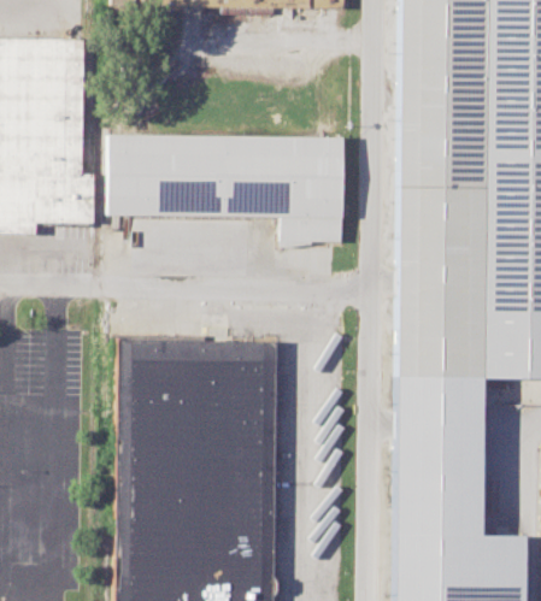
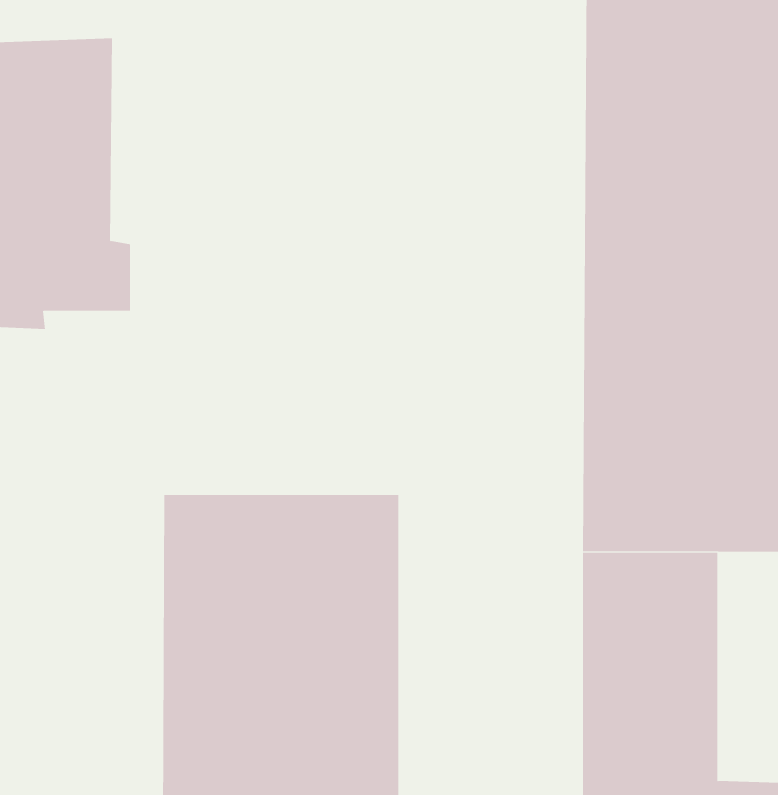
building: [110,134,345,241] -> none

